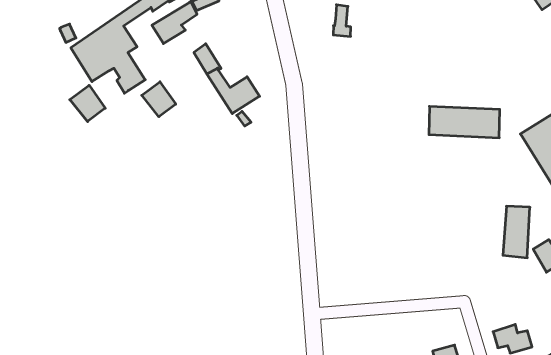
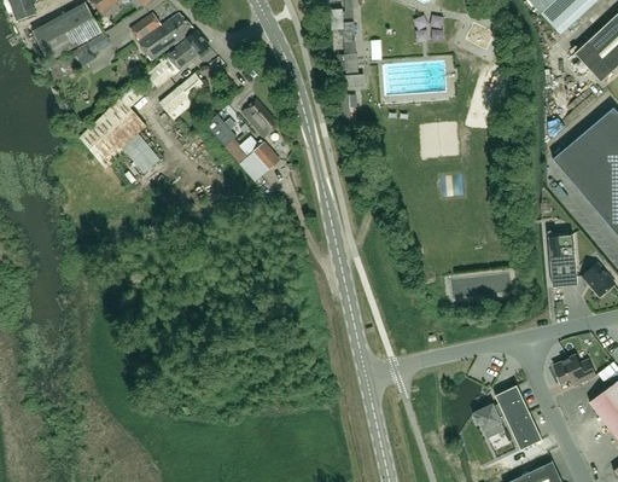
building: none -> [243,99,279,138]
building: [142,82,176,117] -> none
building: [70,85,105,122] -> none
building: [429,106,500,138] -> [442,269,518,306]

